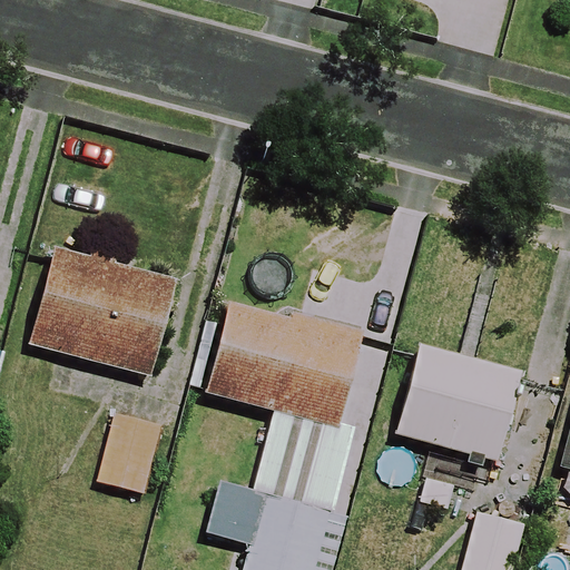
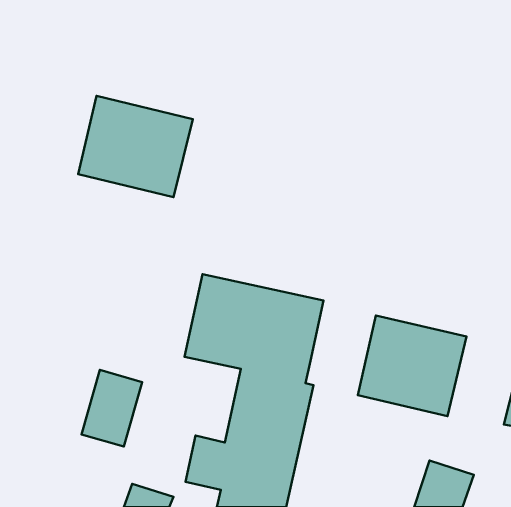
building: none -> [78,96,193,197]
building: [33,248,177,375] -> none

